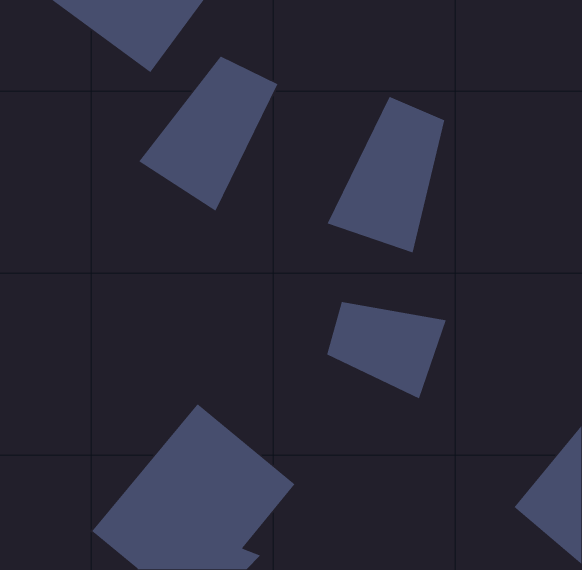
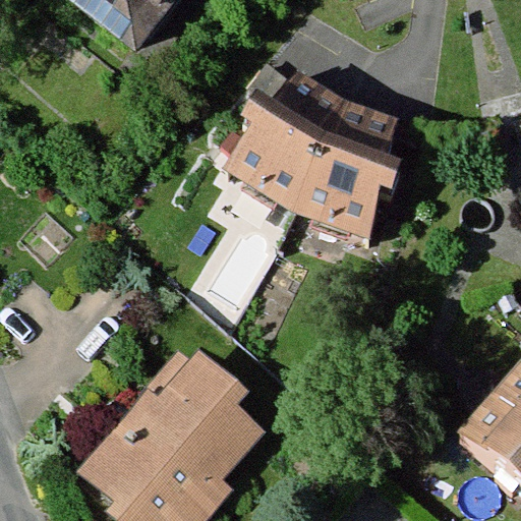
building: [138,55,279,212] -> [222,60,347,199]
building: [326,301,447,400] -> none

